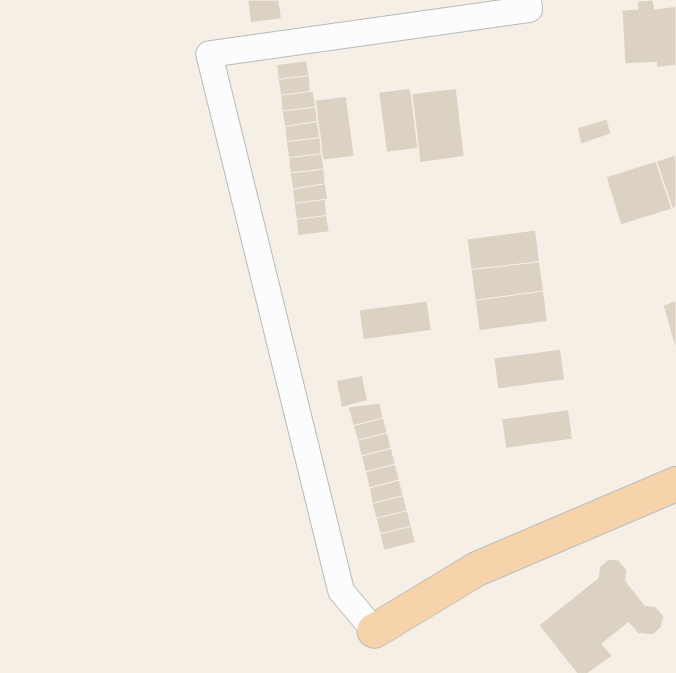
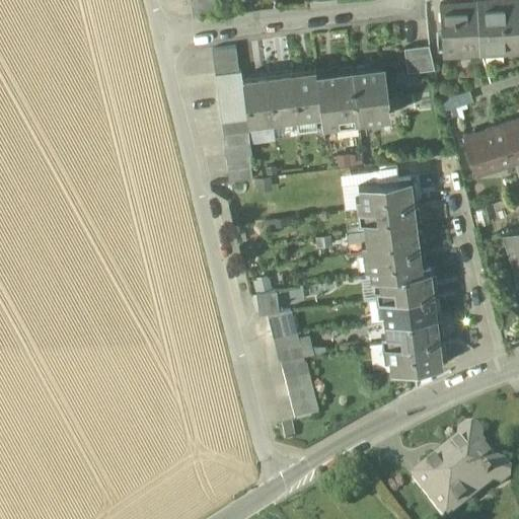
building: none -> [440,10,478,57]
building: none -> [403,48,434,74]
building: none -> [350,65,392,122]
building: none -> [266,73,296,122]
building: [359,301,432,339] -> [367,248,423,278]
building: none -> [381,293,436,323]
building: none -> [387,339,442,371]

